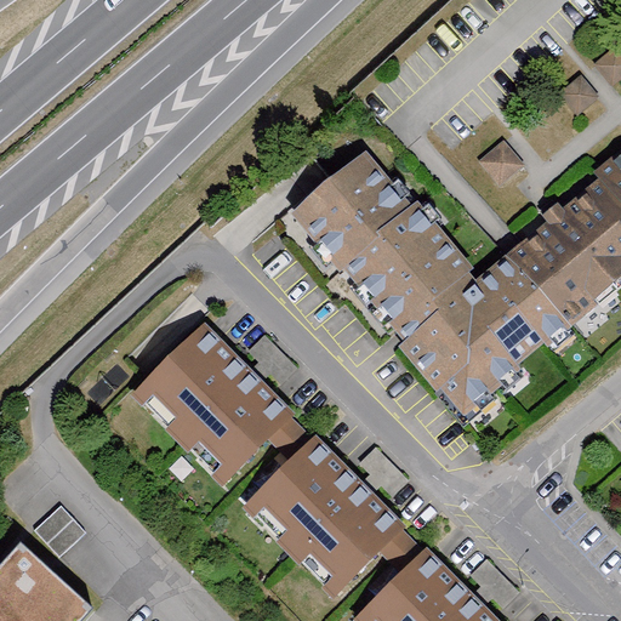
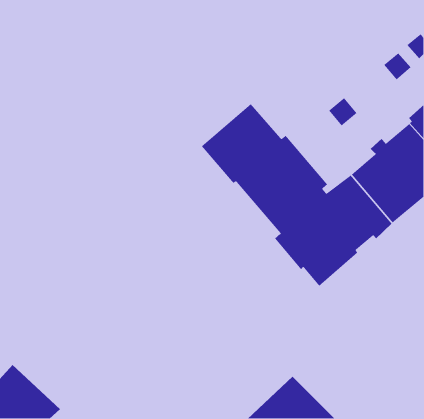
building: [133,324,295,485] -> none
building: [243,437,405,599] -> none

